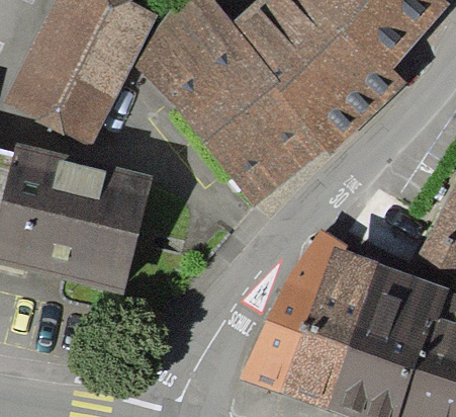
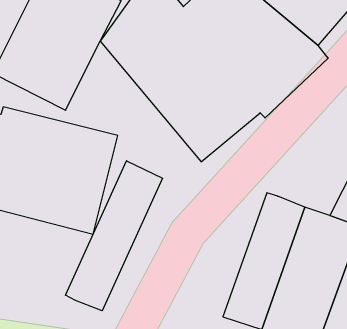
building: none -> [66,161,162,311]
building: [241,230,349,394] -> none

